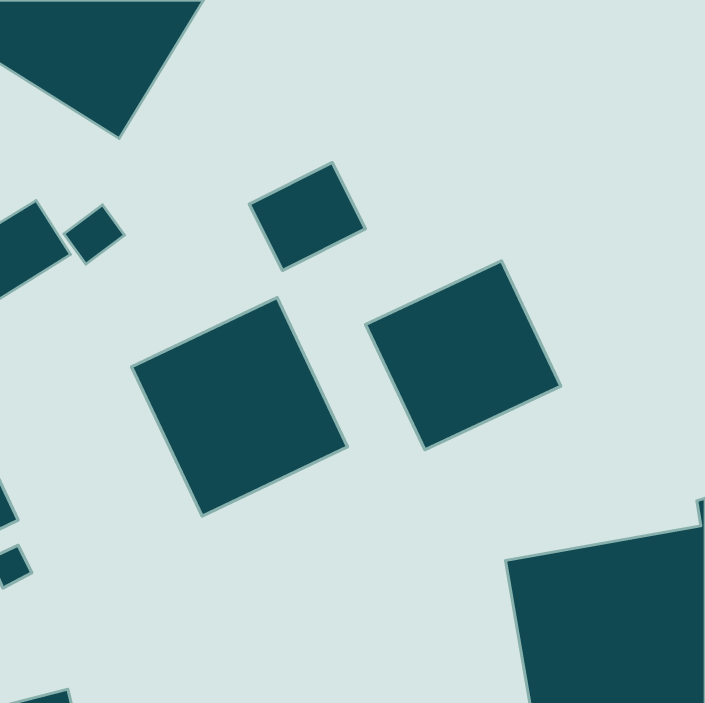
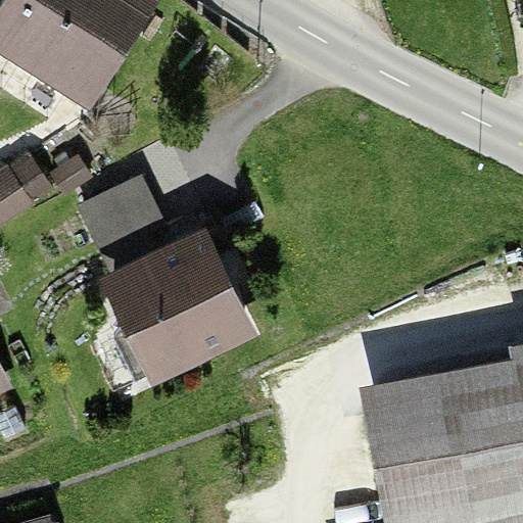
building: [249,163,365,270] -> [76,173,161,252]
building: [366,261,561,450] -> none

